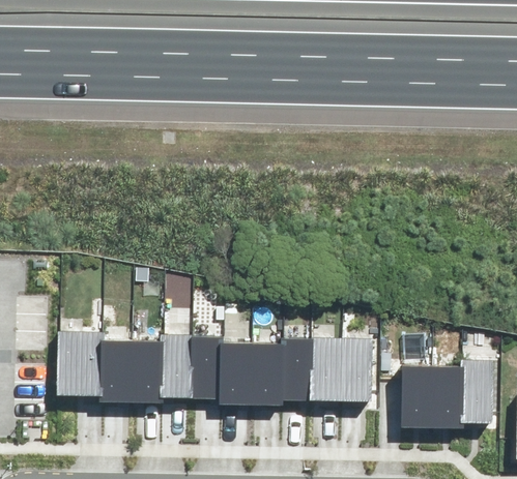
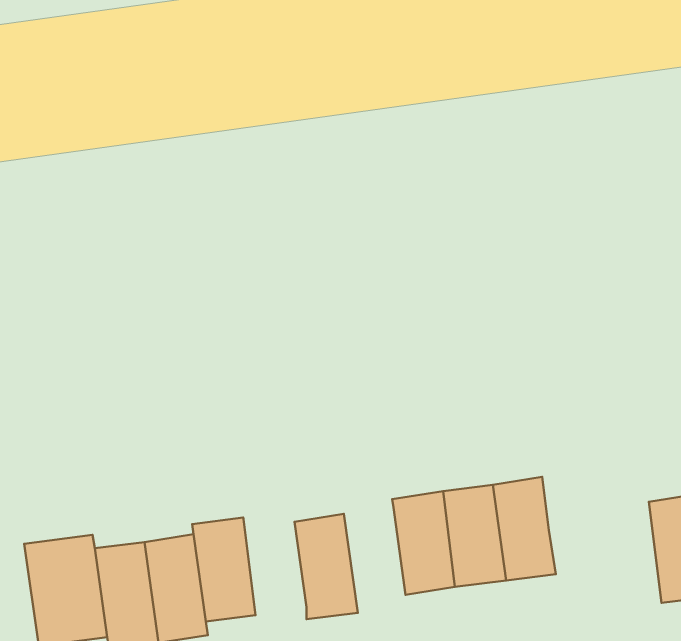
building: [191,338,223,396] -> none
building: [252,345,283,406] -> none
building: [401,365,435,427] -> none

